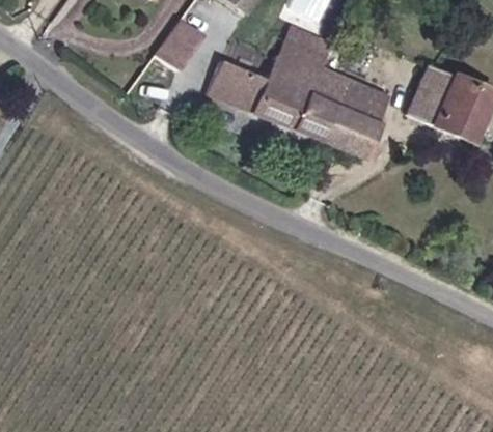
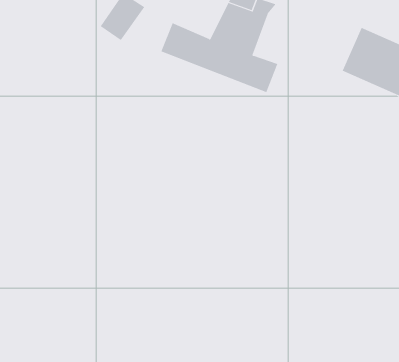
building: [309,60,391,151] -> none

